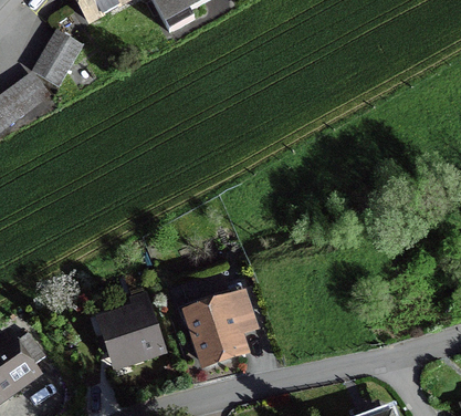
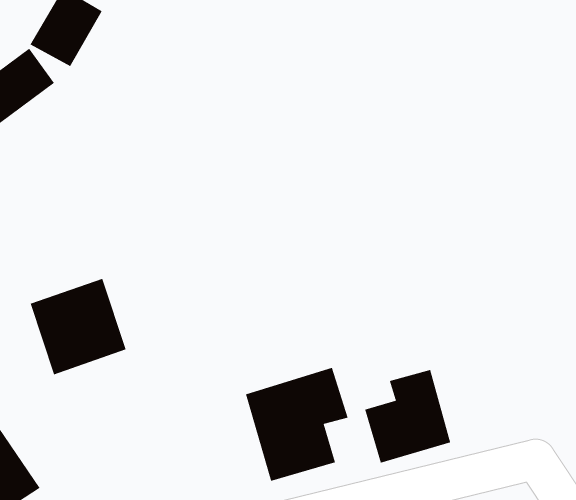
building: none -> [365,369,451,464]
building: [98,303,166,371] -> [30,278,127,375]

